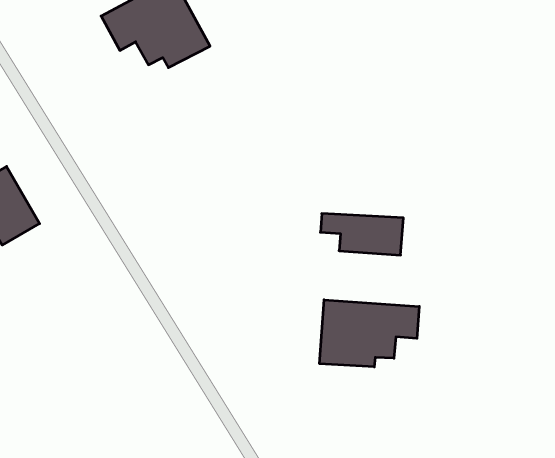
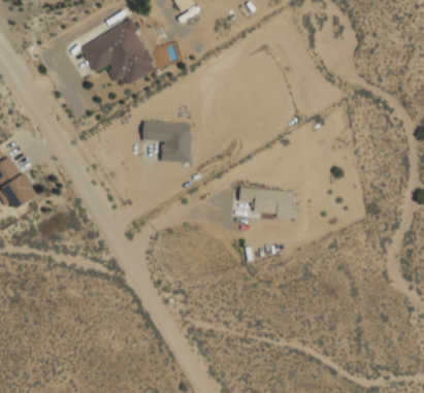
building: none -> [142,122,191,162]
building: [320,300,419,367] -> none

